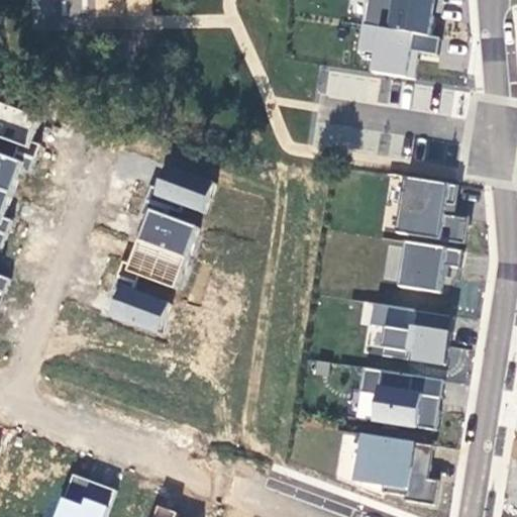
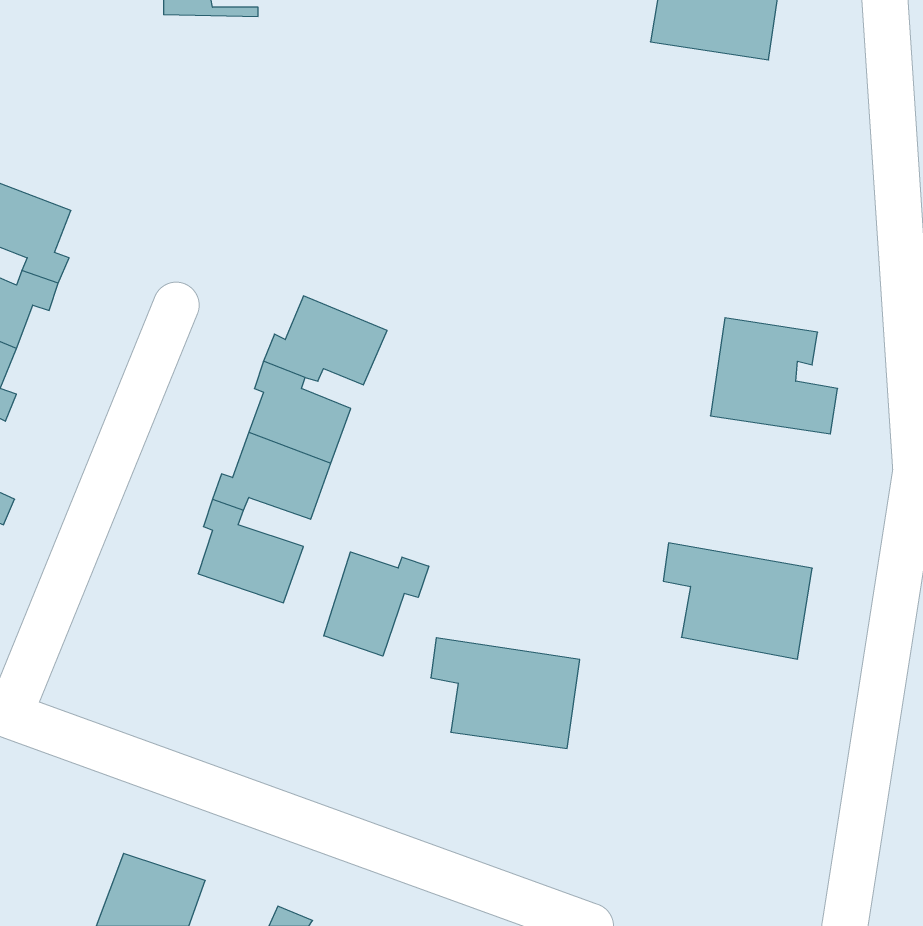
building: [354,23,437,79] -> none
building: [397,240,461,293] -> none
building: none -> [324,552,429,656]
building: [357,368,440,429] -> [431,638,580,748]
building: [349,433,436,503] -> none

